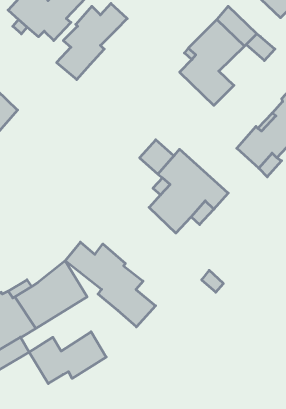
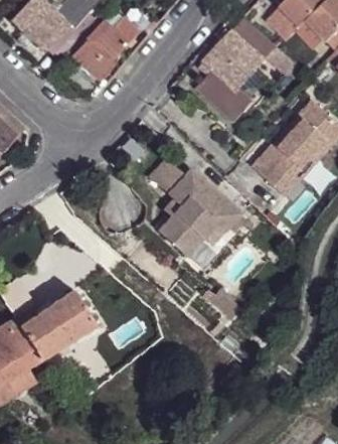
building: [65,242,156,327] -> none
building: [29,332,106,384] -> none

